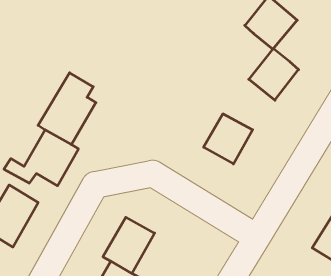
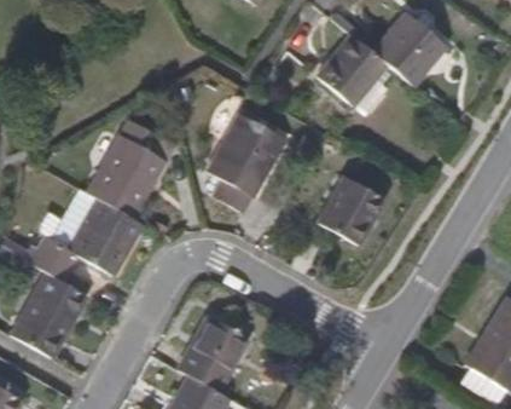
building: [249,49,299,100] -> [315,35,384,106]
building: none -> [205,111,284,211]

